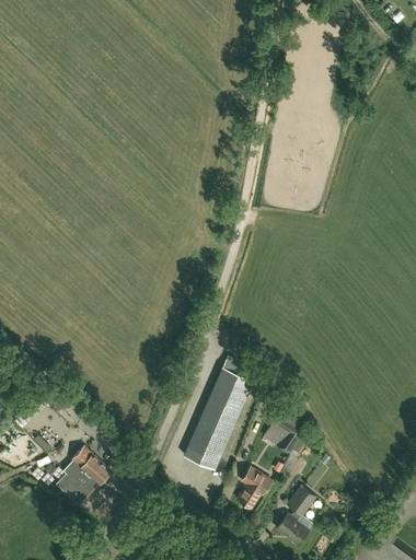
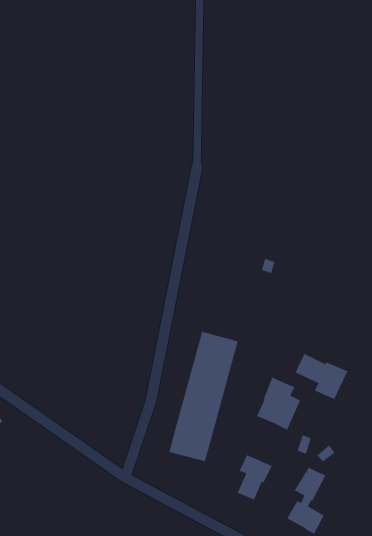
building: none -> [295,353,348,400]
building: [55,446,108,505] -> none

